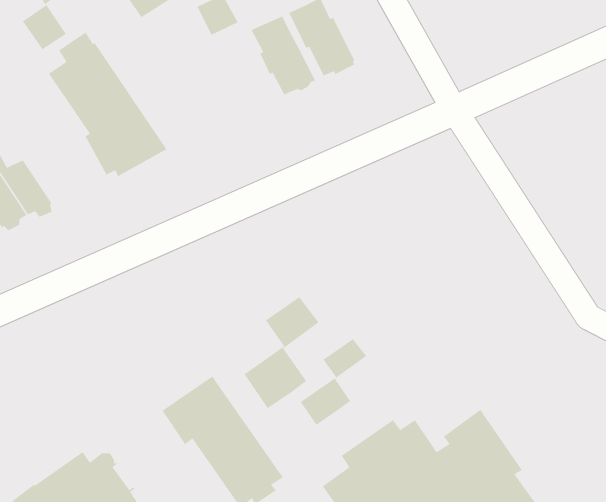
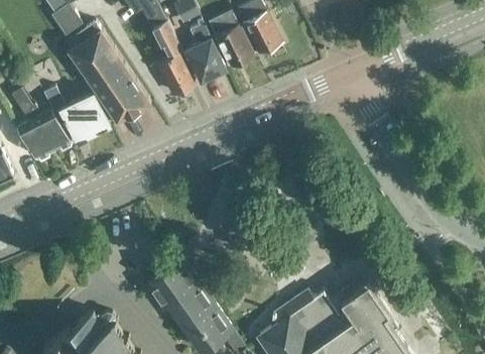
building: none -> [187,20,226,84]
building: none -> [152,22,196,96]
building: none -> [43,87,110,142]
building: [244,296,320,409] -> none
building: [300,338,367,426] -> none

